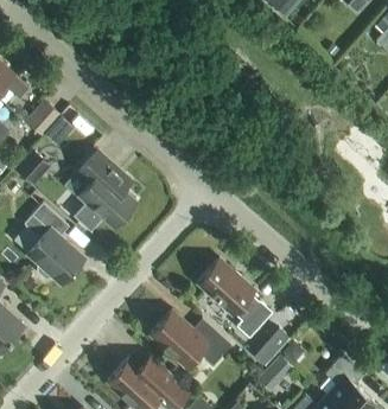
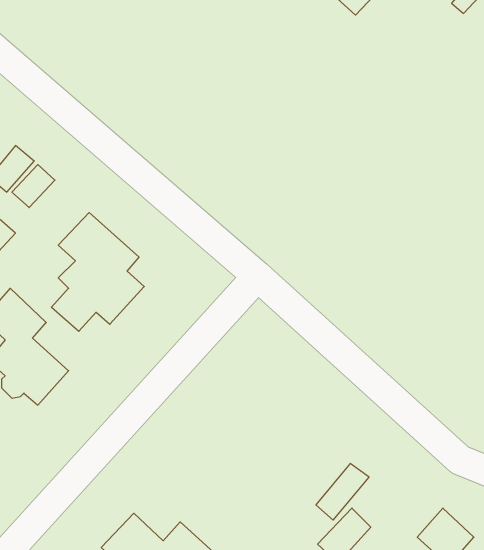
building: [197,258,272,338] -> none
building: [150,311,230,368] -> none

